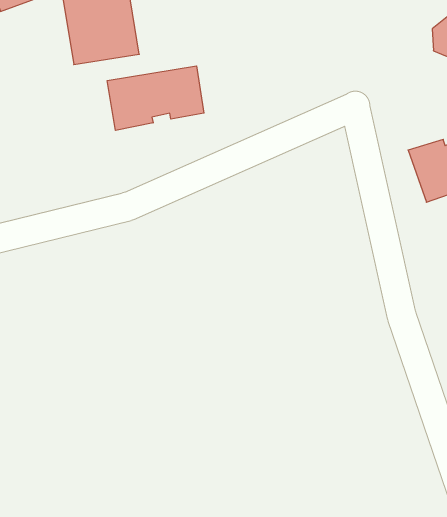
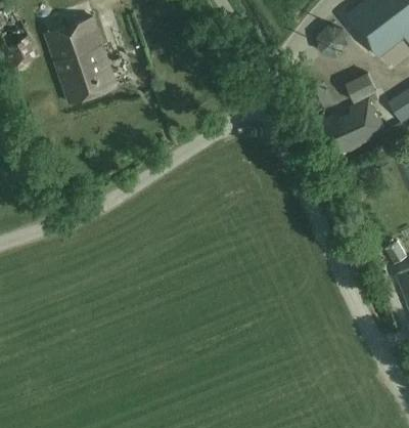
building: [107,66,204,130] -> none

